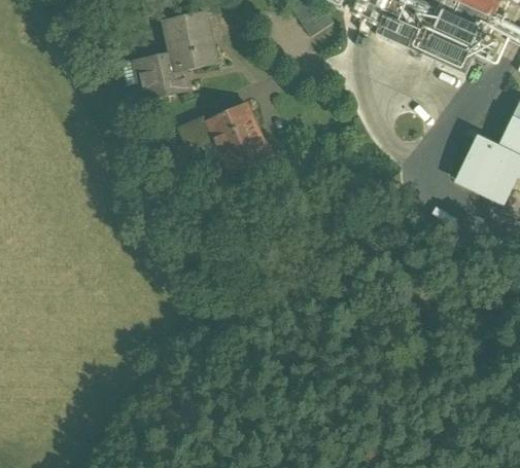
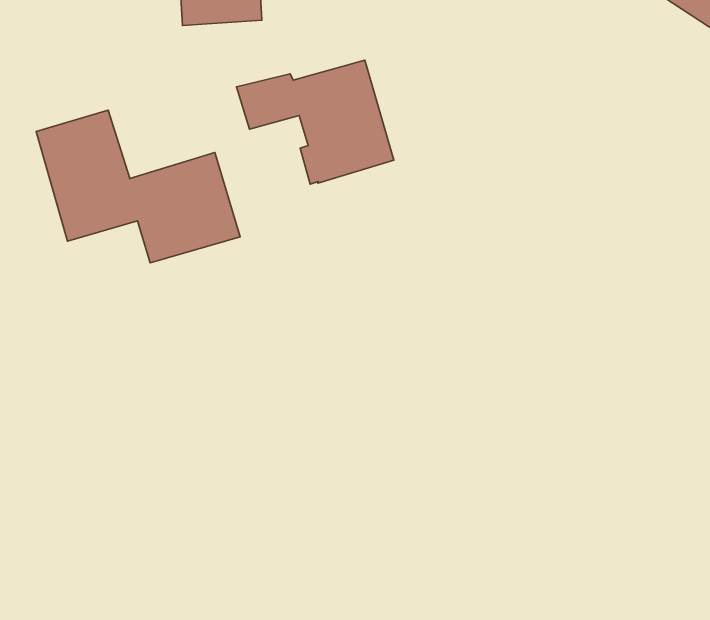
building: none -> [36,110,240,263]

